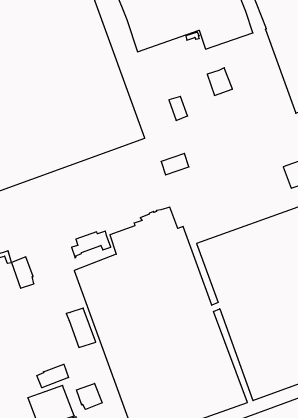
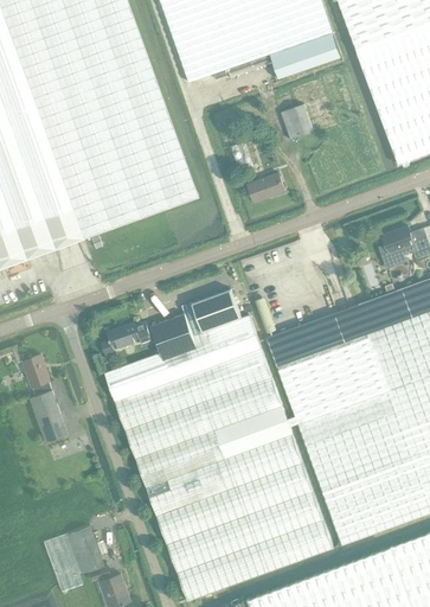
building: [161,153,189,175] -> [249,173,285,202]
building: [66,308,96,347] -> [30,390,69,442]
building: [37,364,69,388] -> none
building: [77,383,102,409] -> none

